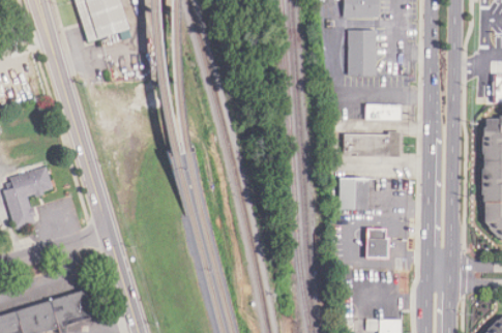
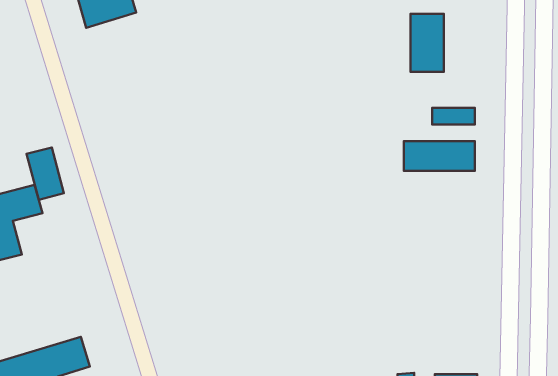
building: none -> [27,147,64,200]
building: [338,177,368,209] -> none
building: [366,228,389,258] -> none

